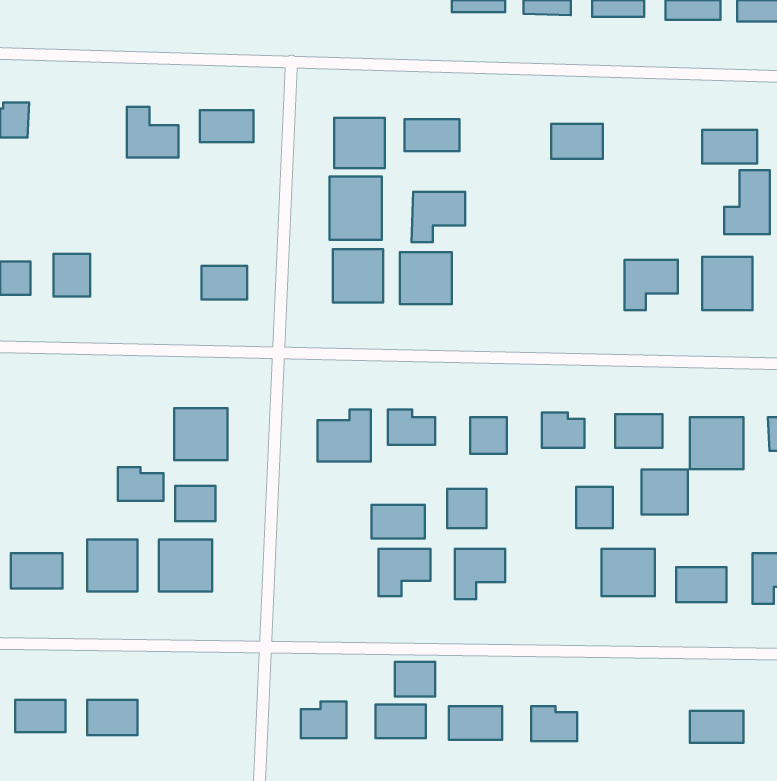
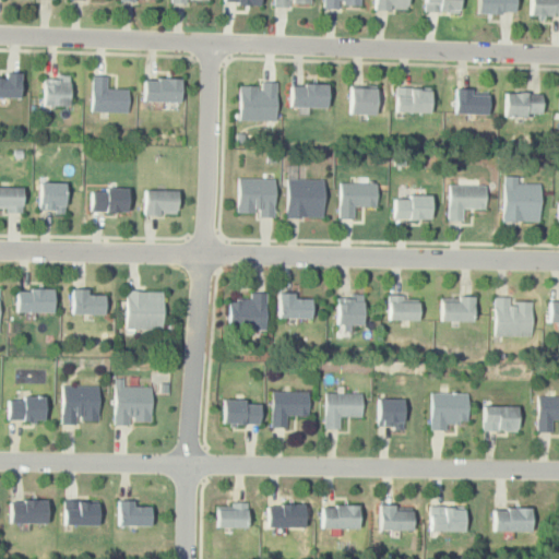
building: none -> [46,79,71,107]
building: none -> [352,88,379,116]
building: none -> [456,91,489,115]
building: [724,170,770,234] -> none
building: [330,176,382,240] -> none
building: [412,192,465,242] -> [340,183,378,219]
building: none -> [92,187,130,211]
building: none -> [394,197,433,219]
building: none -> [17,289,56,311]
building: [118,467,164,501] -> [73,289,106,313]
building: [641,469,688,514] -> none
building: [175,486,216,521] -> none
building: [576,487,613,528] -> [381,399,407,428]
building: [447,489,486,528] -> none
building: [371,505,425,538] -> [225,400,263,424]
building: [395,662,435,696] -> none
building: none -> [119,500,154,525]
building: none -> [431,507,468,532]

